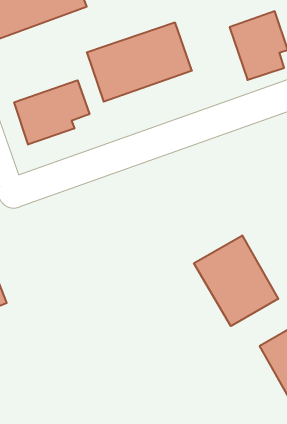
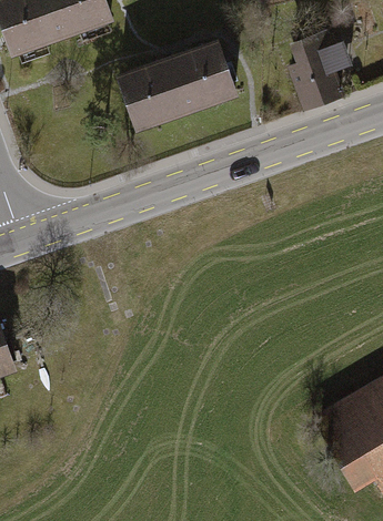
building: [14,80,89,145] -> none
building: [194,235,278,326] -> none

